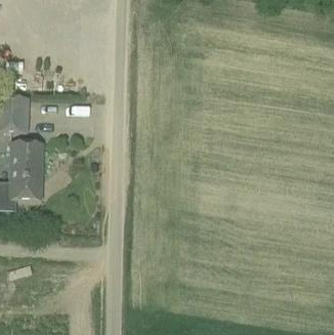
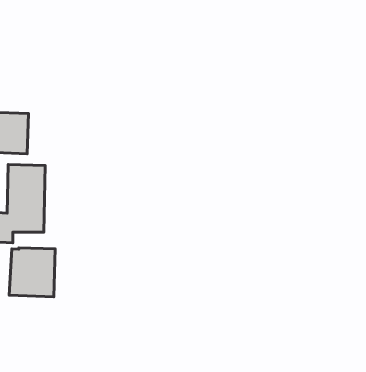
building: none -> [9,248,55,297]

